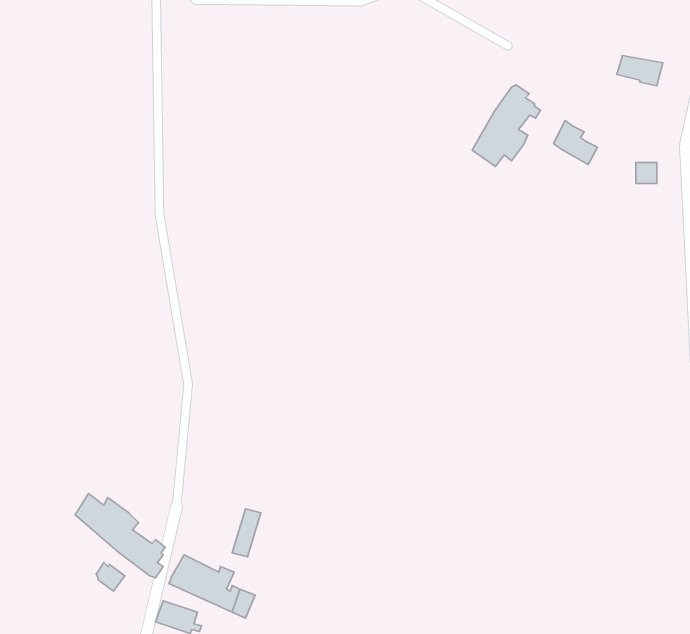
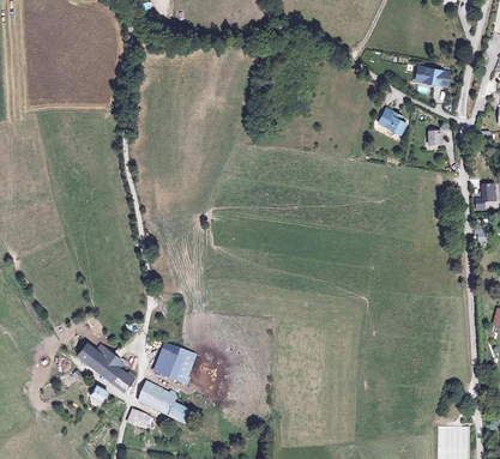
building: [472,85,541,167] -> none
building: none -> [156,343,183,378]

